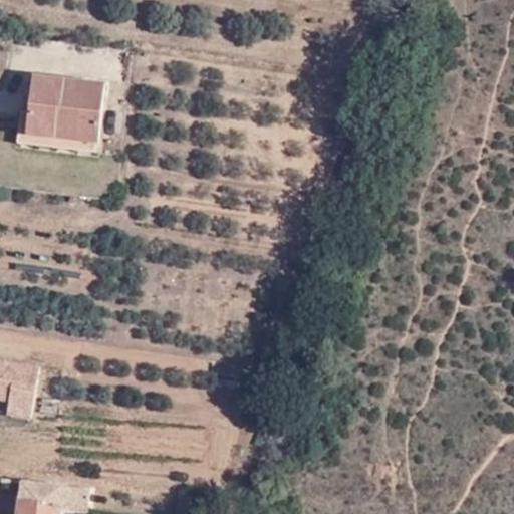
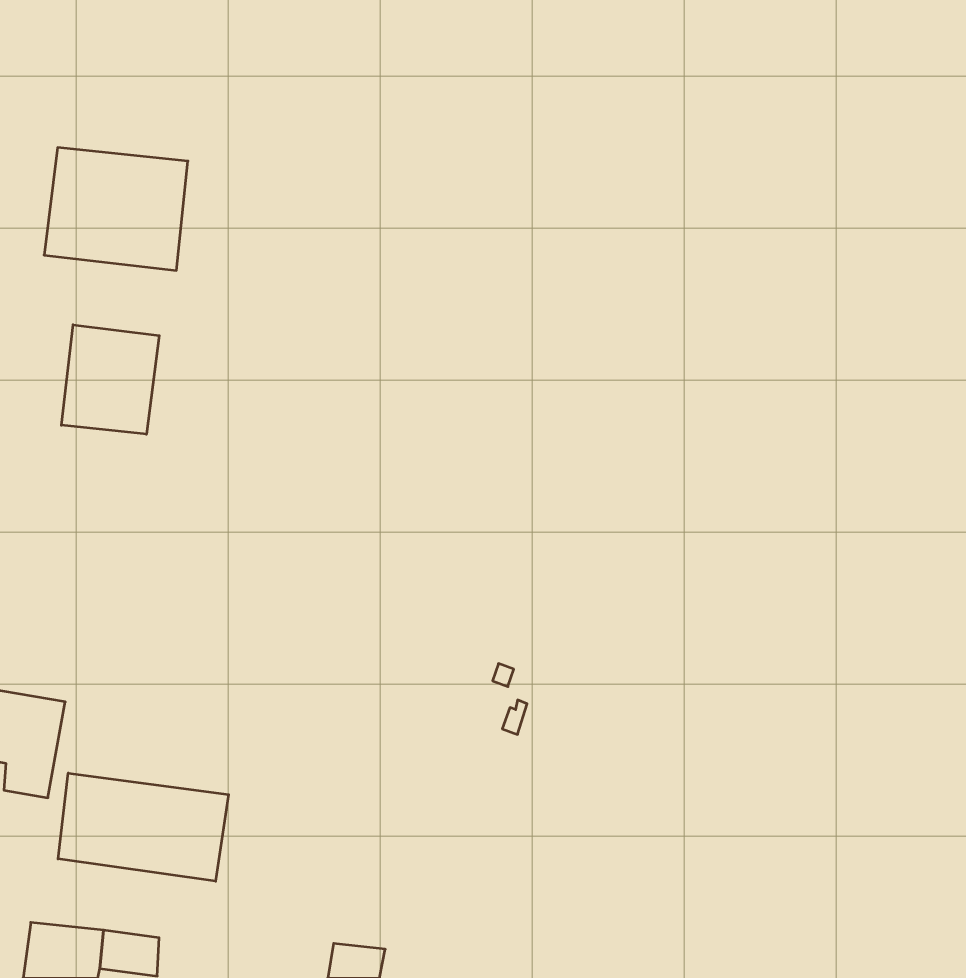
building: none -> [61,325,159,434]
building: none -> [58,773,229,881]

